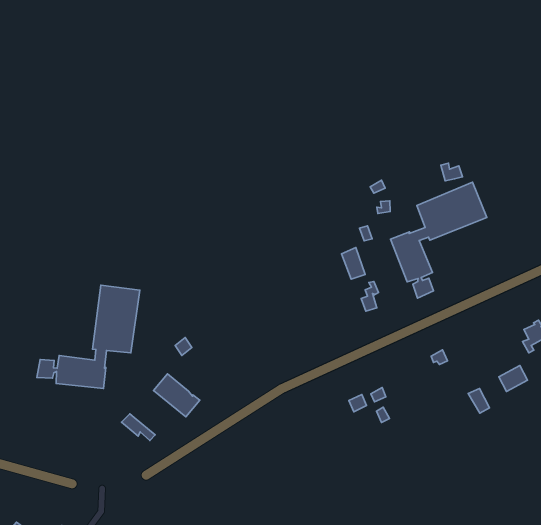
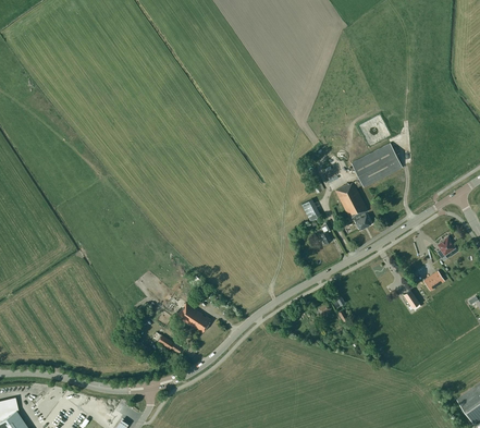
building: [37,285,140,389] -> none

